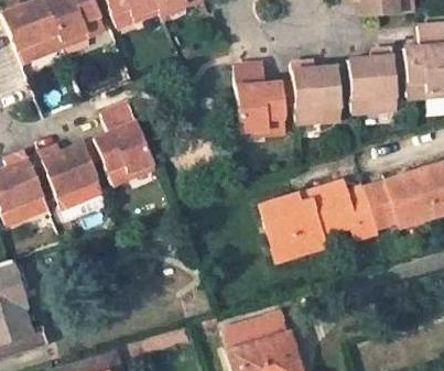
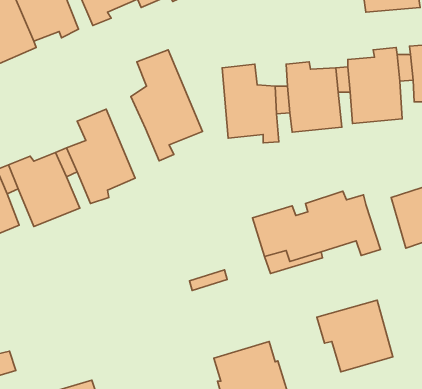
building: none -> [131,50,202,161]
building: [365,184,401,237] -> none
building: none -> [317,300,393,372]

